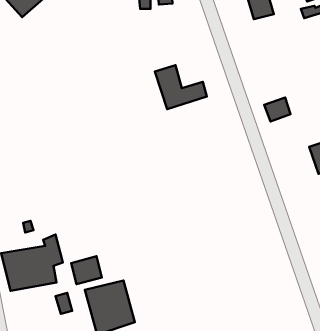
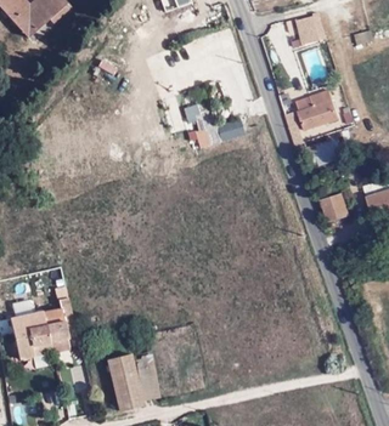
building: none -> [293,89,339,131]
building: none -> [320,193,351,225]
building: [71,256,102,284] -> none

